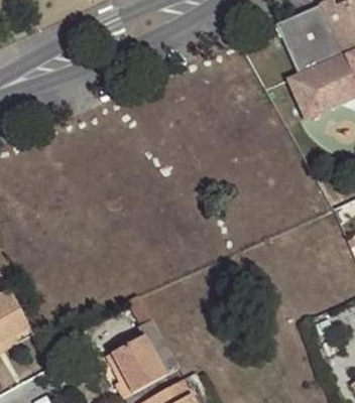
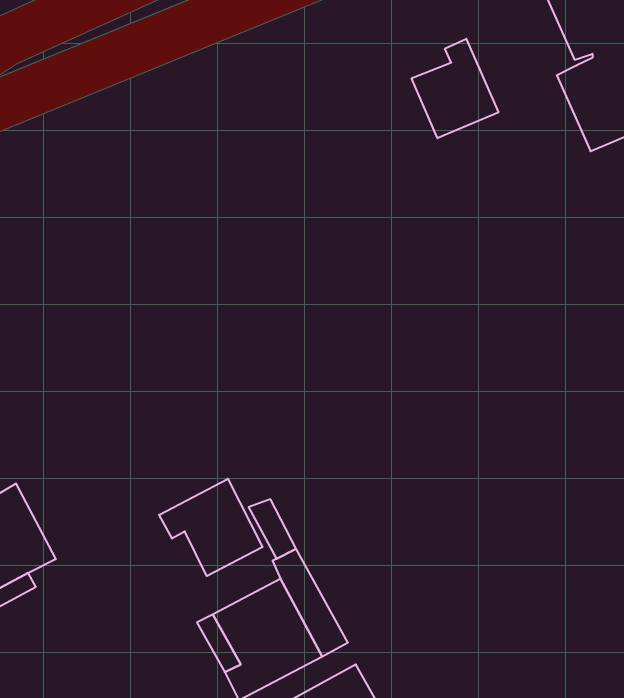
building: none -> [412,39,498,138]
building: none -> [159,479,263,576]

